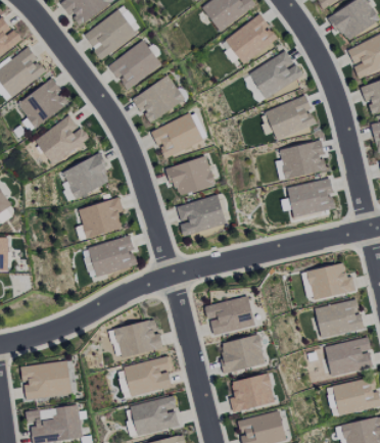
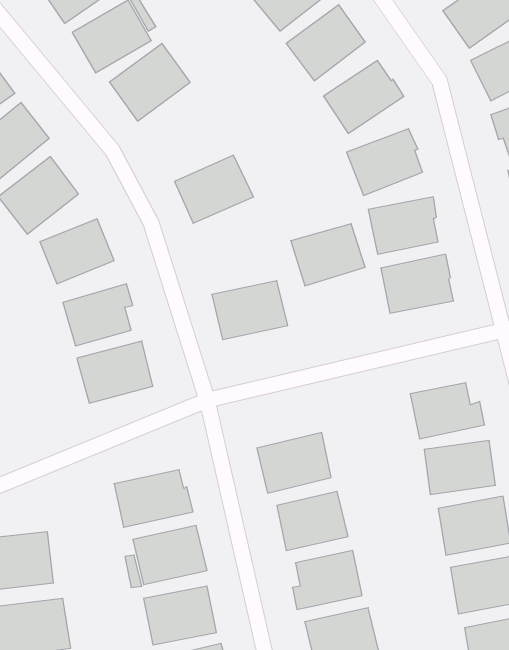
building: [133,76,185,124] -> none
building: [167,156,216,197] -> [291,224,365,286]

